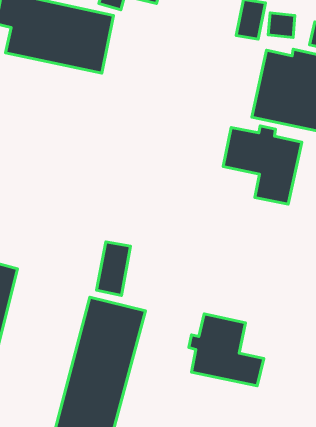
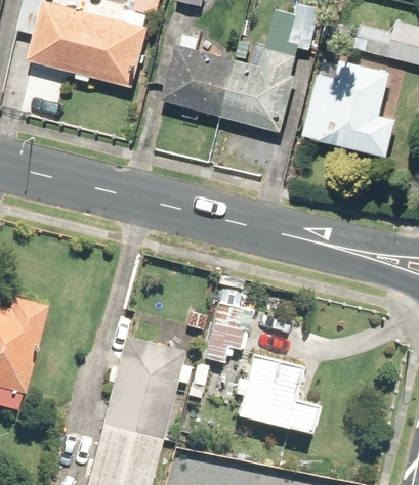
building: none -> [166,42,303,133]
building: [223,126,302,204] -> none
building: [97,242,130,296] -> [203,302,241,362]

